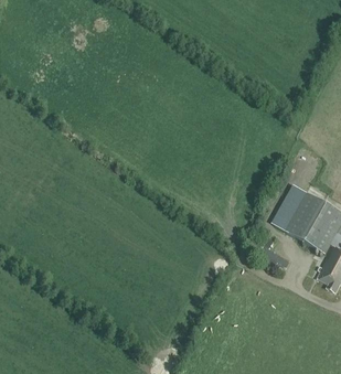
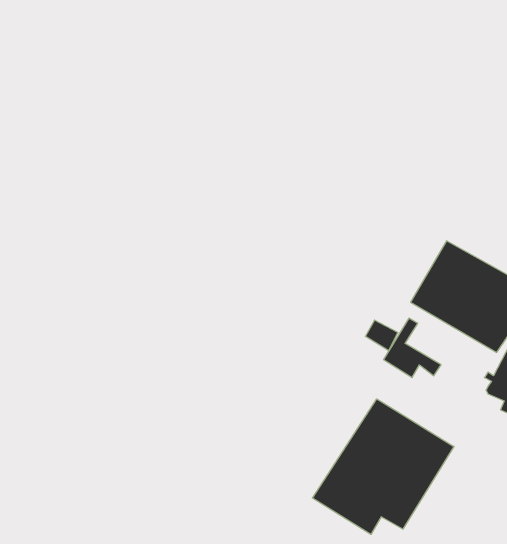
building: none -> [312,399,454,534]

